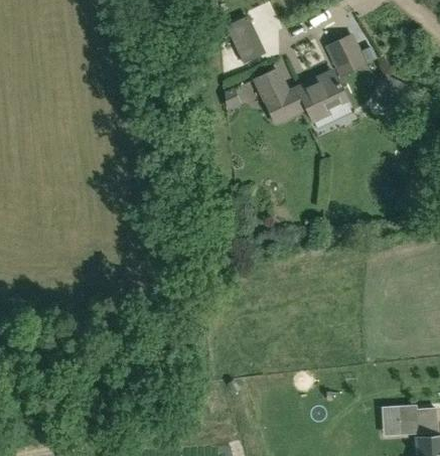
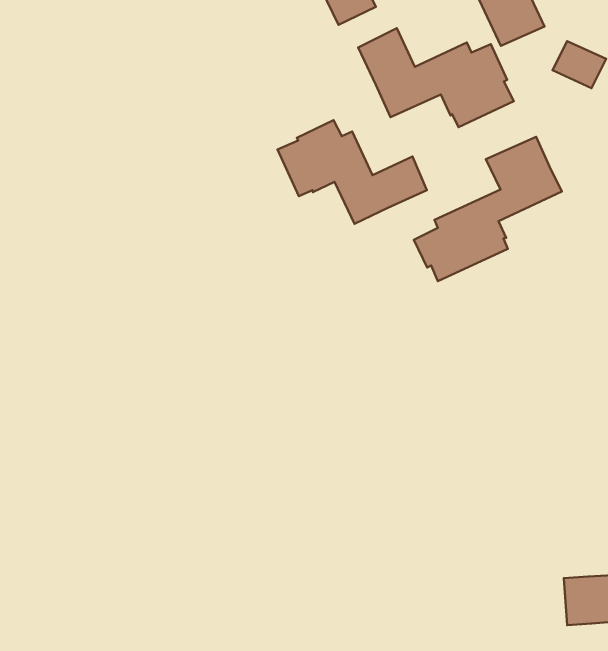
building: none -> [278,120,427,224]
building: none -> [414,137,562,281]

